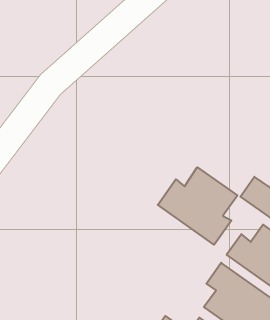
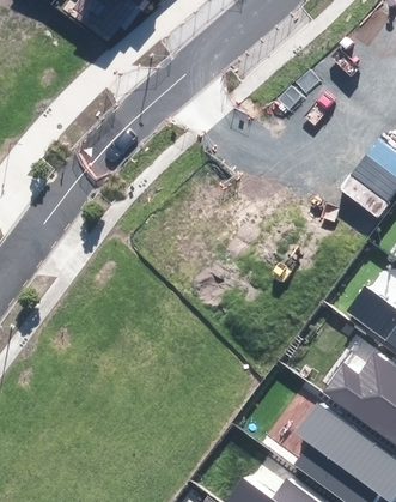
building: [158,167,237,245] -> none

